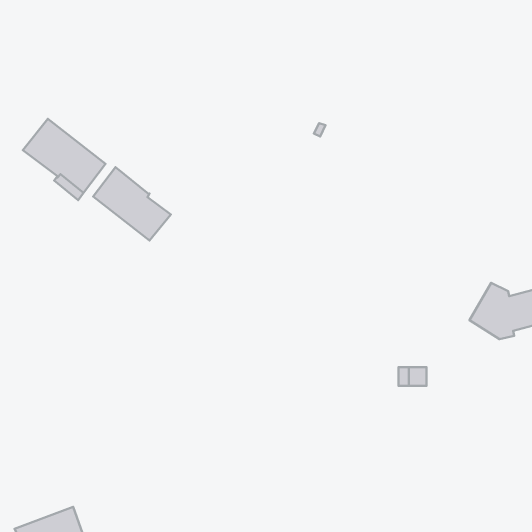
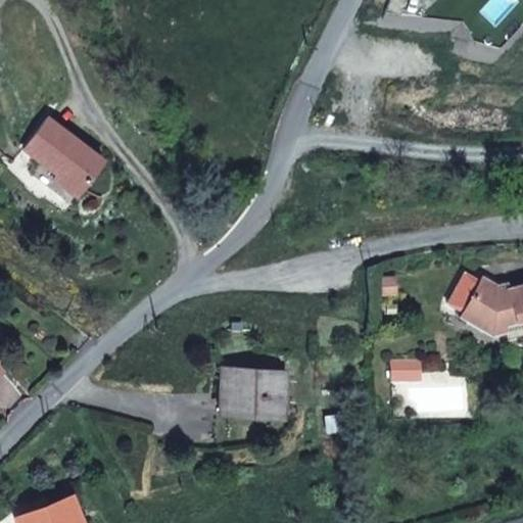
building: [93,167,171,241] -> none
building: none -> [221,369,284,417]

